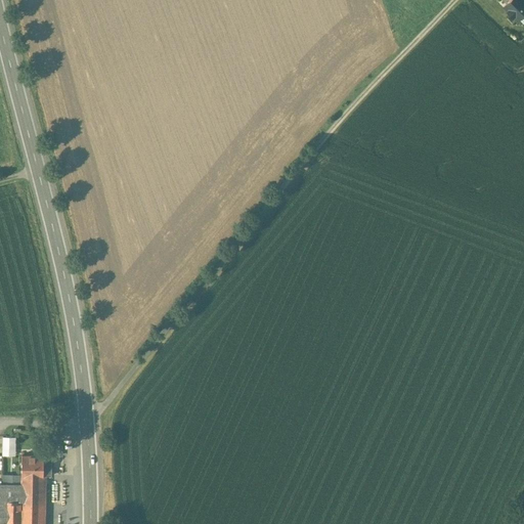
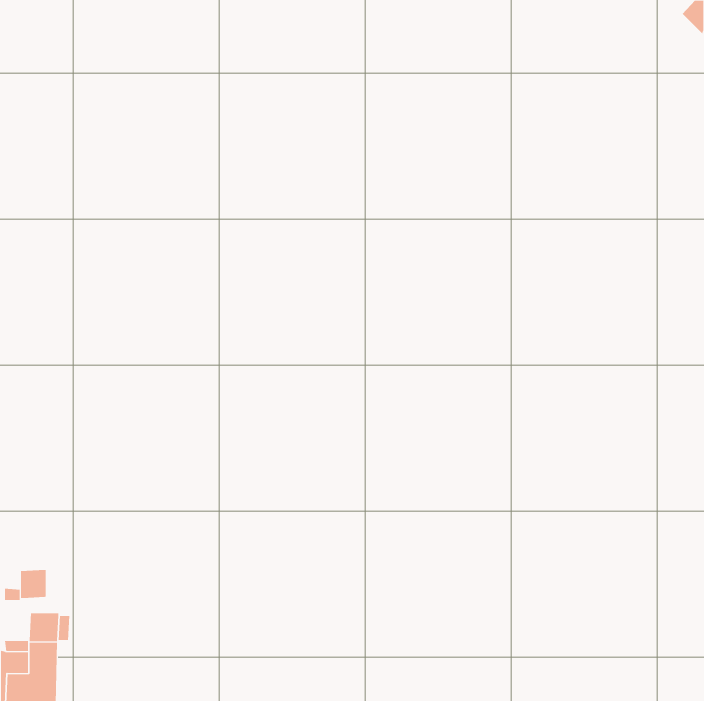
building: none -> [21,569,46,599]

